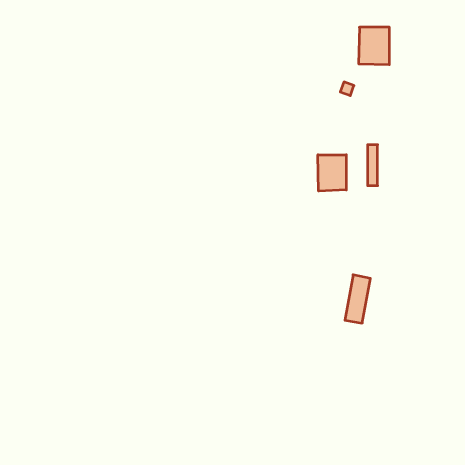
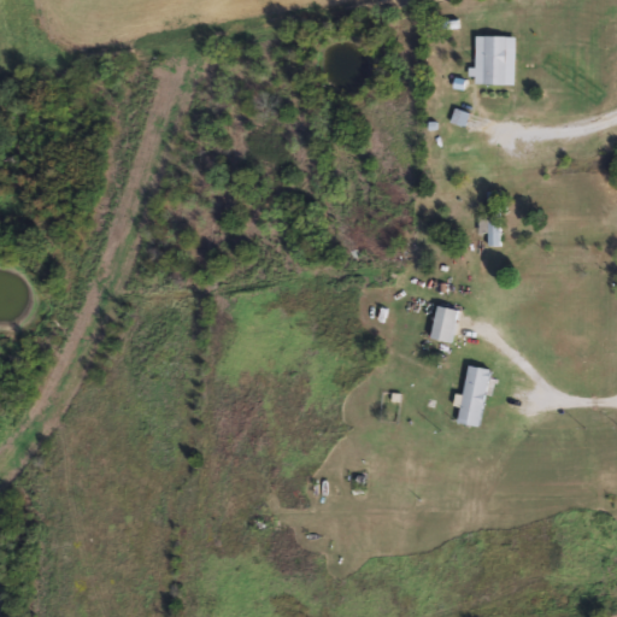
building: [318,155,346,191] -> none
building: none -> [430,305,458,342]

